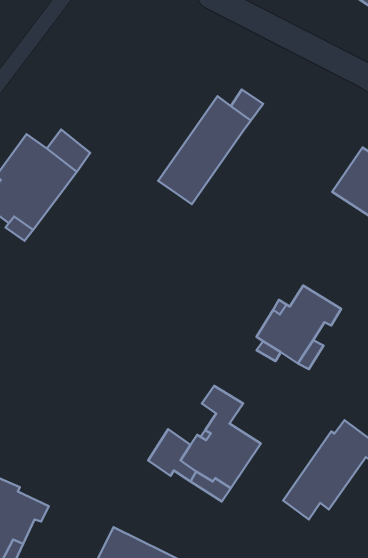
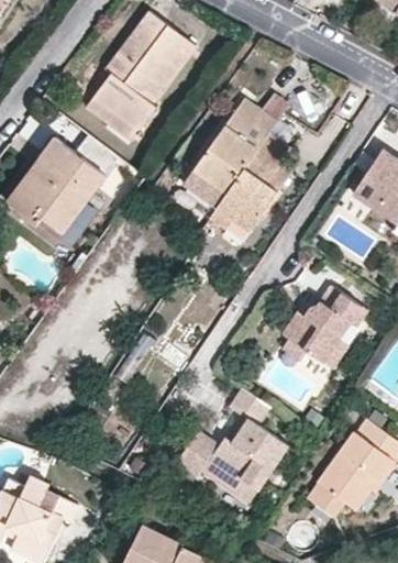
building: none -> [86,12,196,140]
building: none -> [217,134,292,230]

